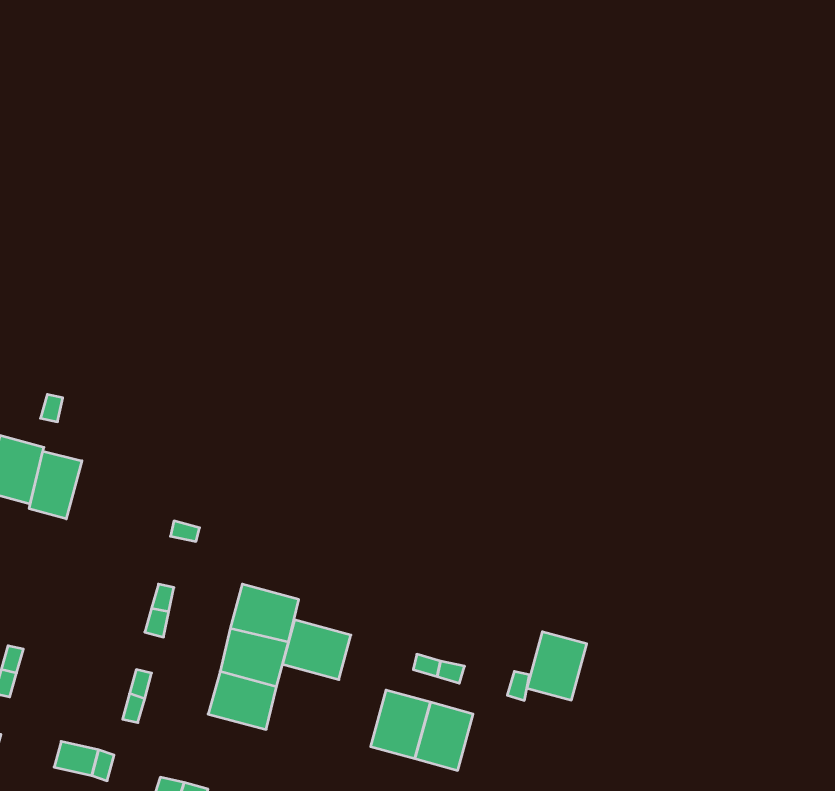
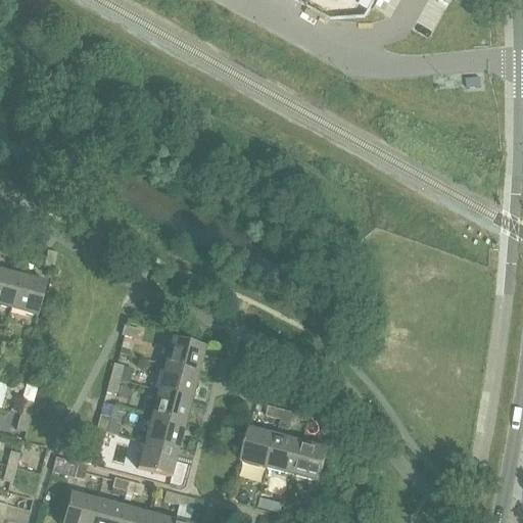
building: [29,451,82,519] -> none
building: [283,620,351,680] -> [164,335,205,371]
building: [527,632,587,700] -> [293,439,329,480]
building: none -> [138,439,179,475]

